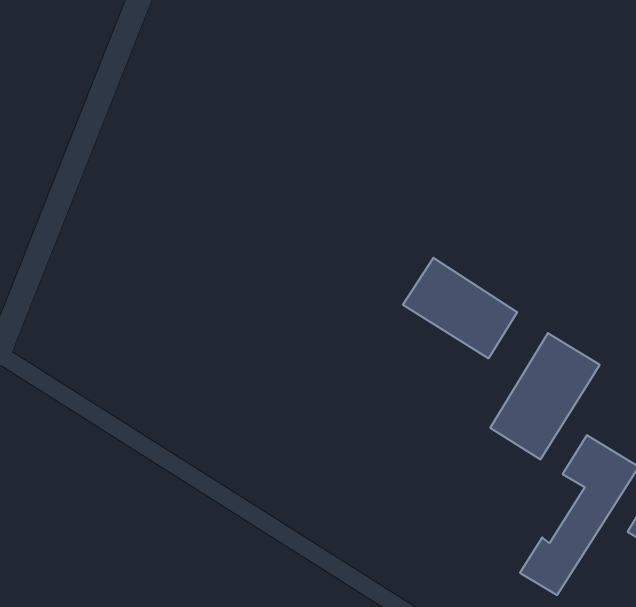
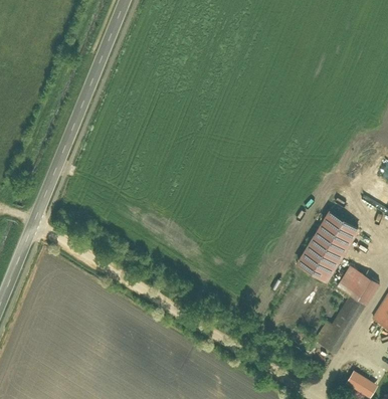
building: [403,258,517,358] -> none

